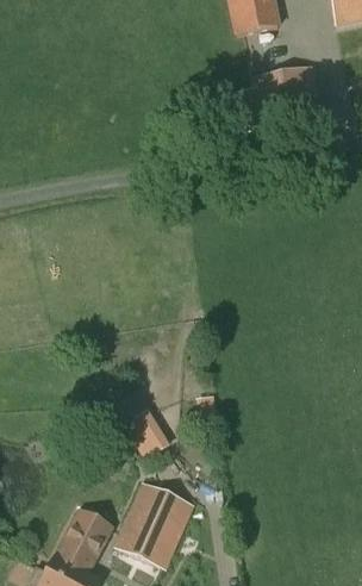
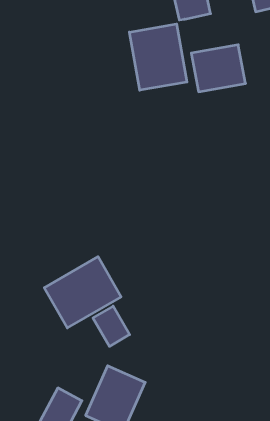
building: none -> [129,24,187,90]
building: none -> [44,257,121,328]

